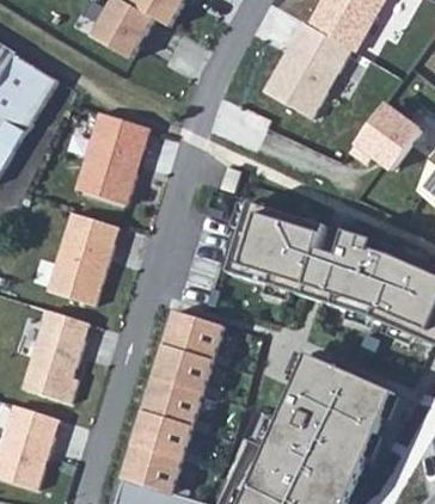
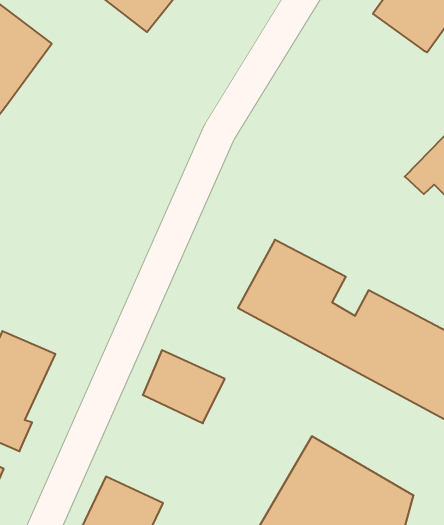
building: [263,19,353,118] -> none
building: [76,110,152,202] -> none
building: [49,209,121,302] -> none
building: [142,344,214,428] -> none

